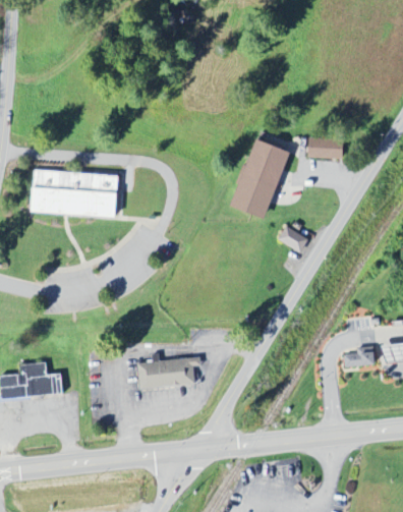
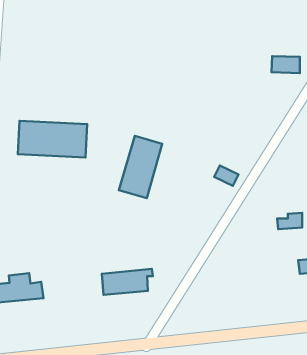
building: [306,136,342,158] -> [271,56,300,73]
building: [232,138,287,217] -> [119,136,162,198]
building: [342,346,373,366] -> [277,213,302,229]

